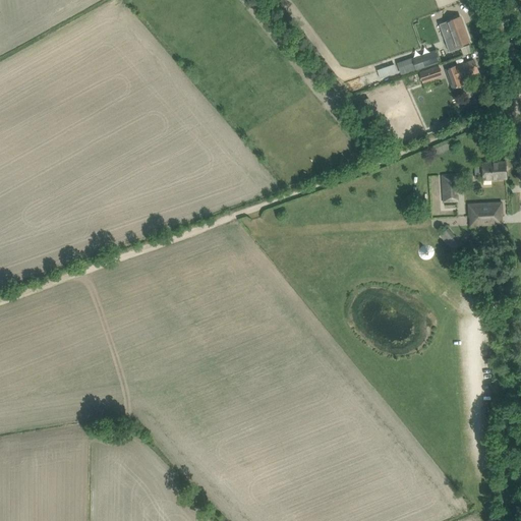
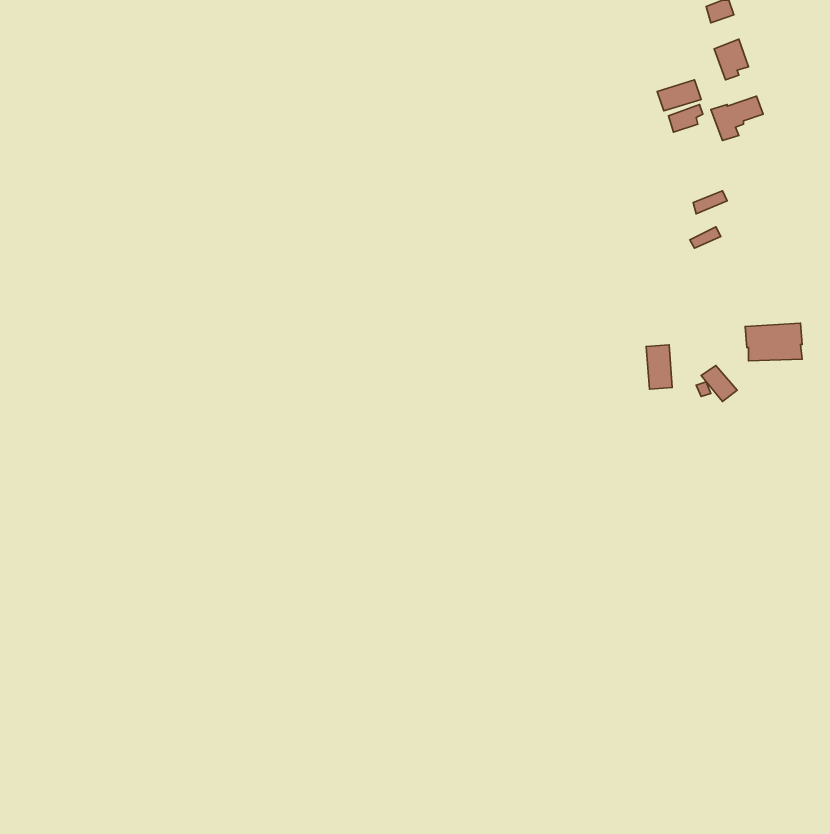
building: [473,161,504,179] -> none
building: [440,174,456,201] -> [646,345,672,389]

